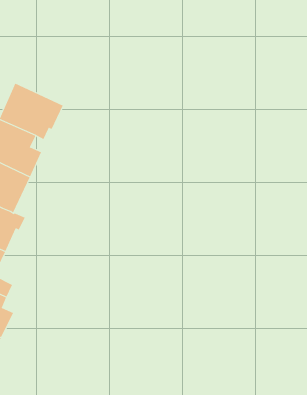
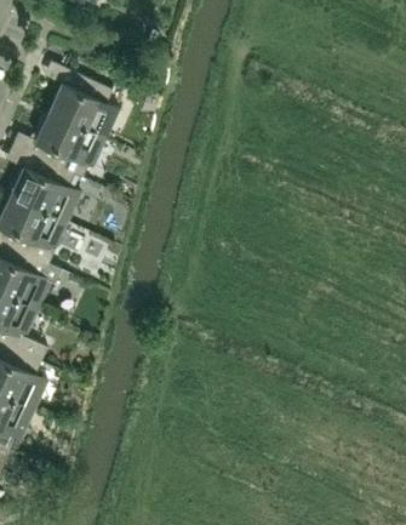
building: none -> [48,69,119,138]

